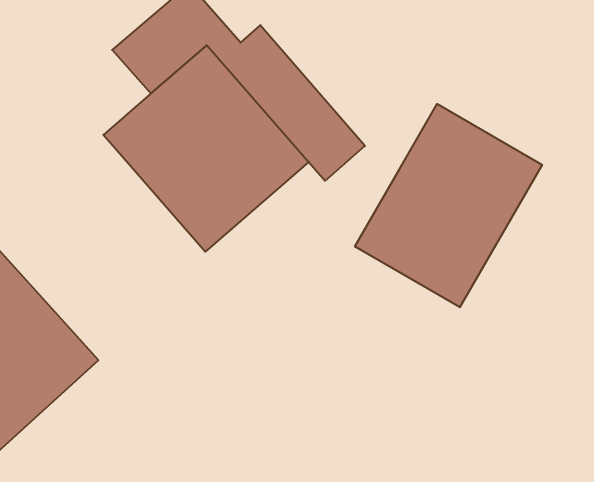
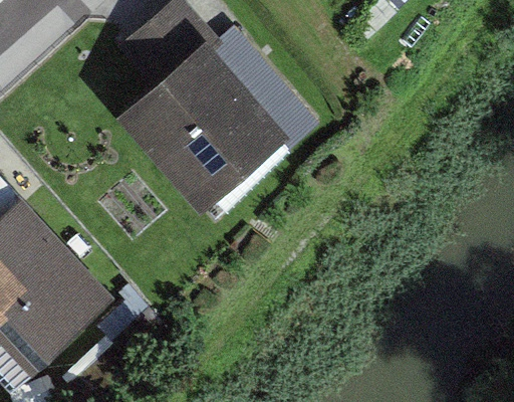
building: [355,104,542,307] -> none

